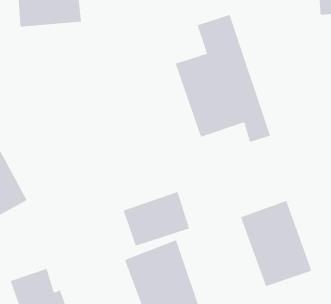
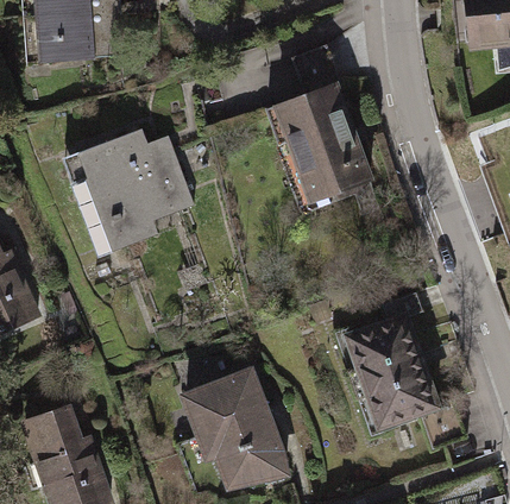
building: none -> [45,125,194,272]
building: [123,191,190,246] -> none

